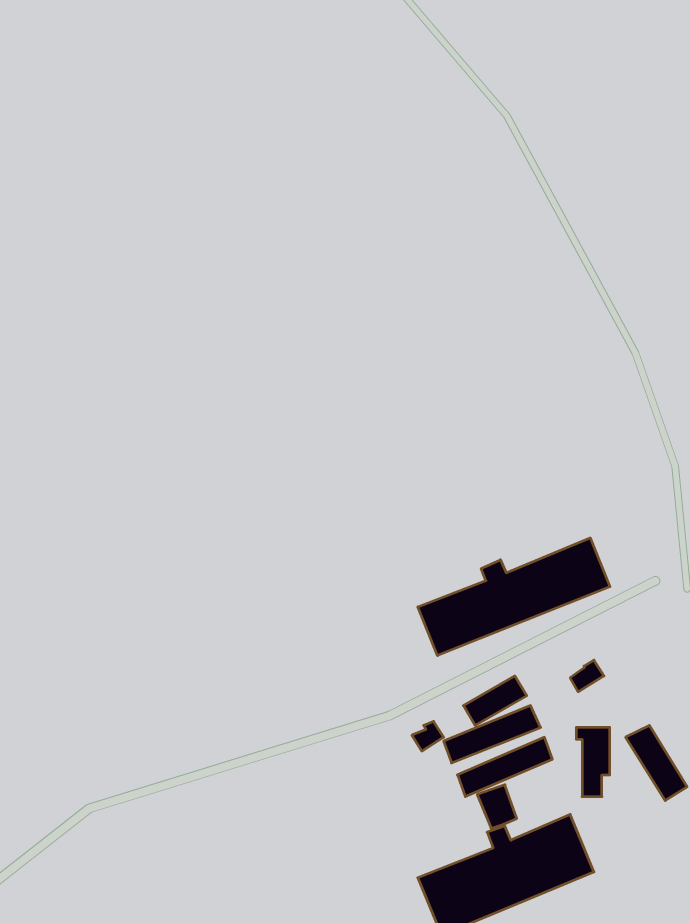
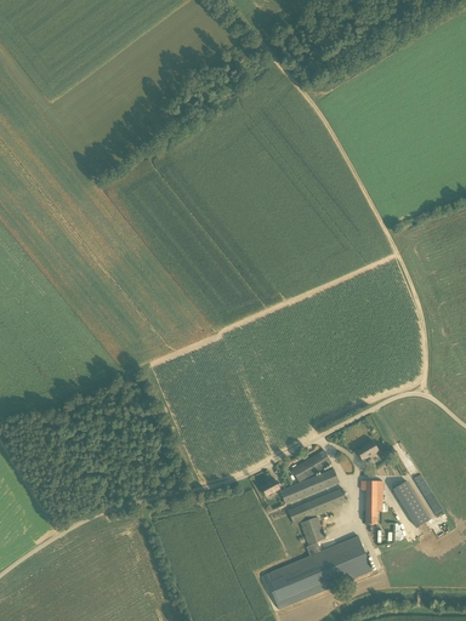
building: [418,538,610,656] -> none

